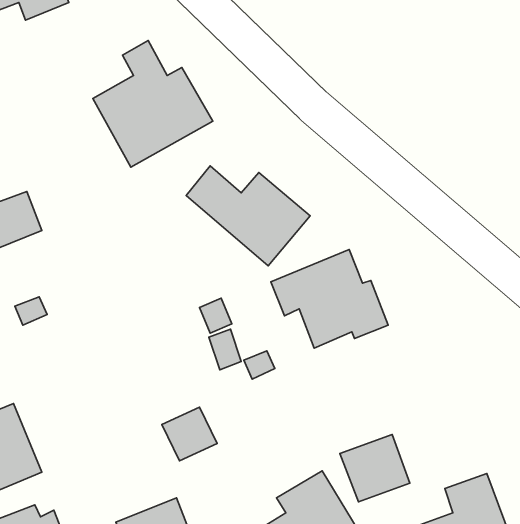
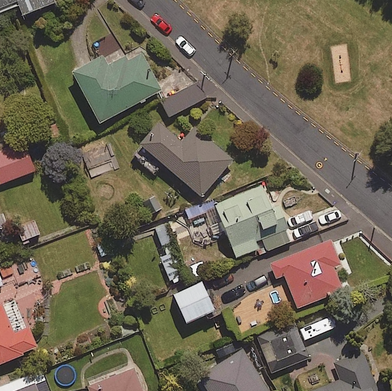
building: none -> [160,82,208,120]
building: none -> [270,240,342,309]
building: [162,407,217,461] -> [173,284,214,324]

